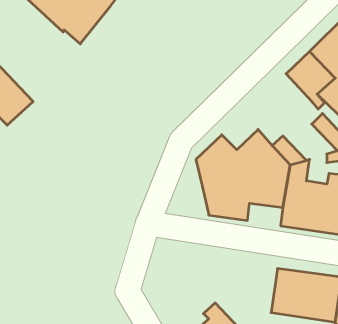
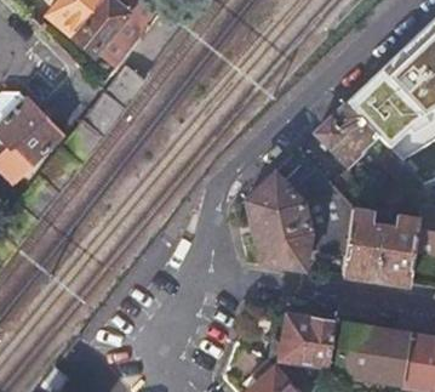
building: none -> [319,102,378,157]
building: none -> [273,314,336,365]

